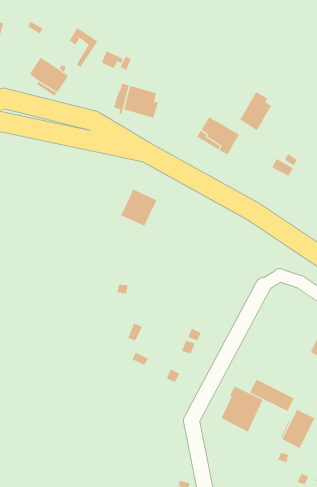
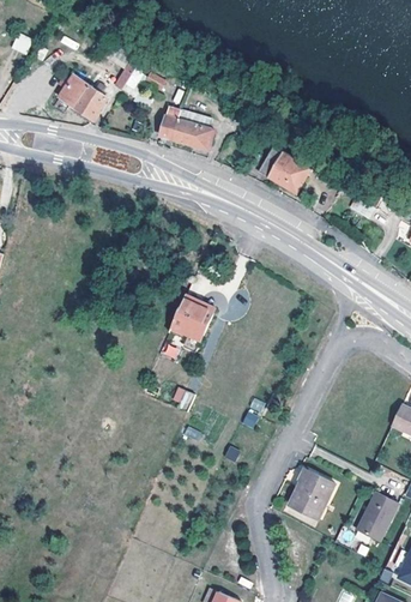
building: [240,91,272,131] -> none
building: [121,189,157,227] -> [170,295,213,339]
building: [250,379,295,412] -> none

